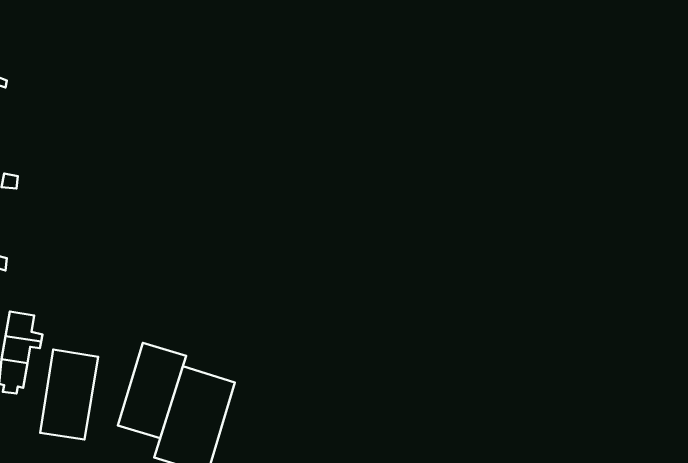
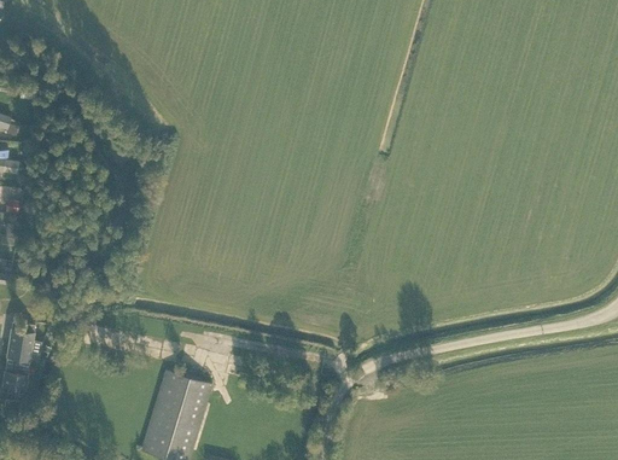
building: [118,343,186,438] -> none
building: [40,350,98,439] -> none

